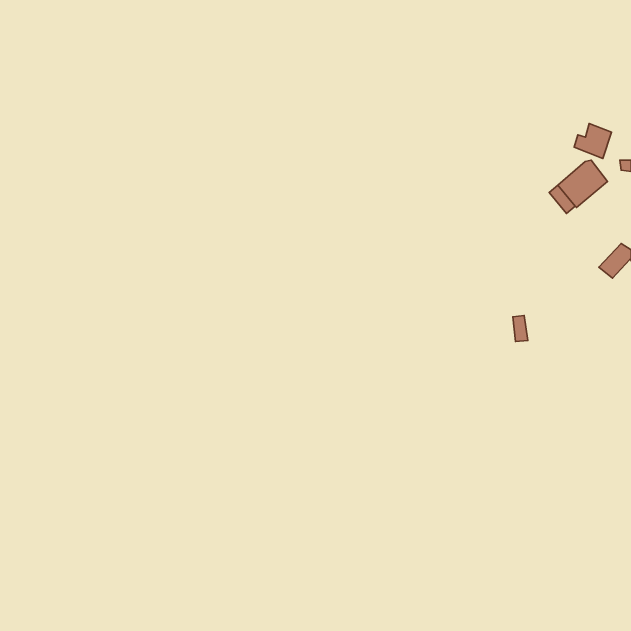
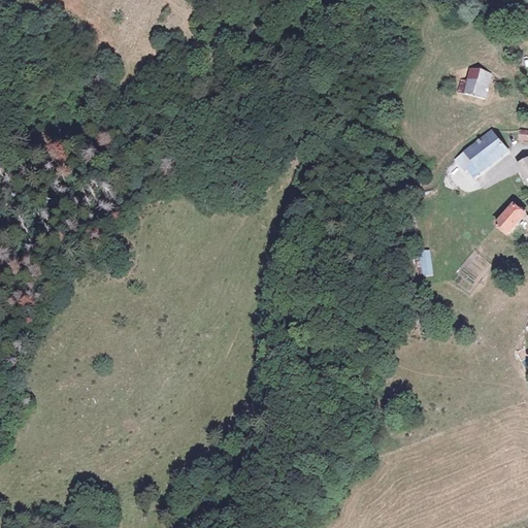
building: [574,124,611,158] -> [460,67,491,96]

